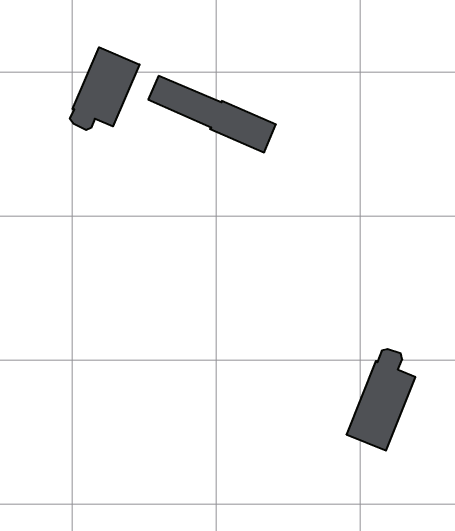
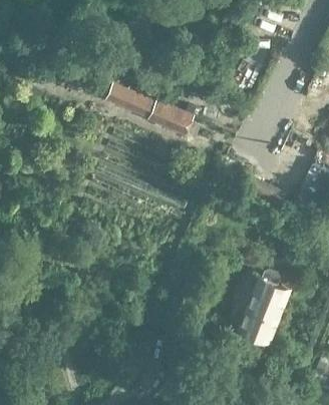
building: [70,47,140,130] -> none

